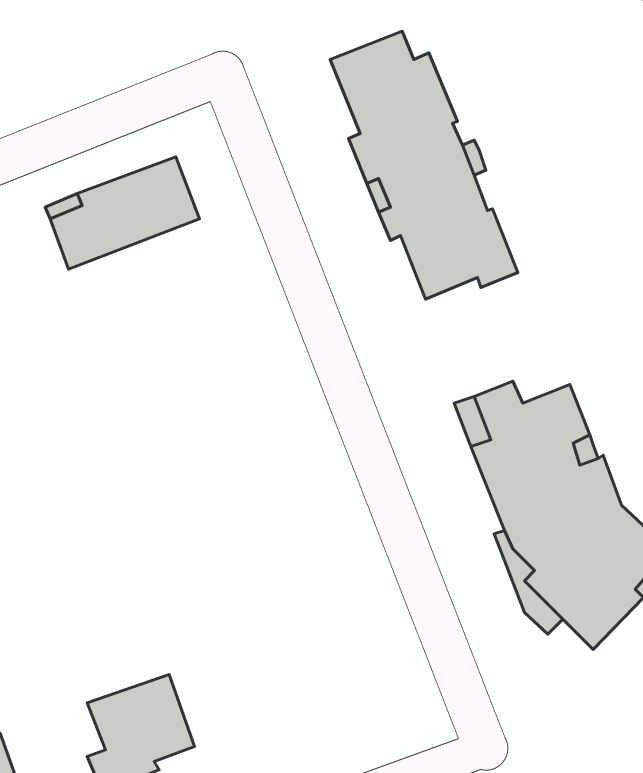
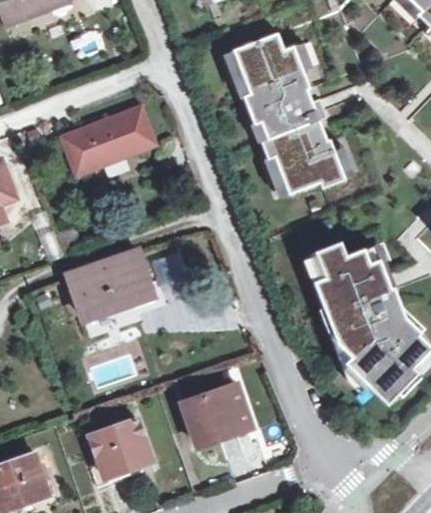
building: none -> [67,249,153,319]
building: none -> [181,383,252,447]

